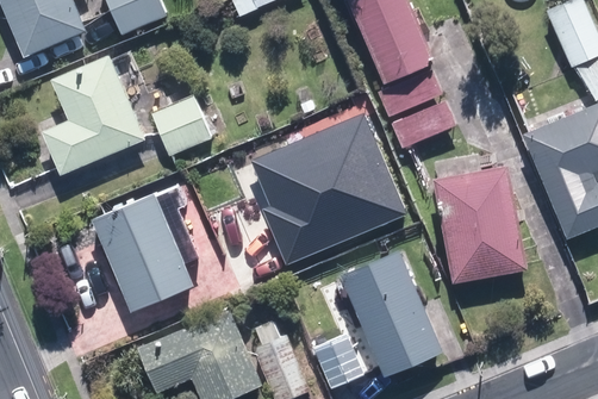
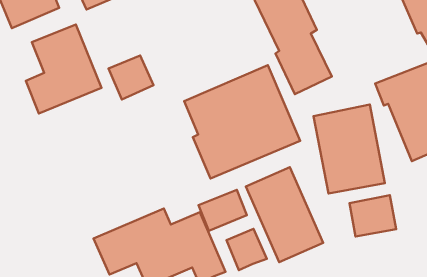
building: [91,185,199,313] -> none
building: none -> [198,190,247,231]
building: none -> [350,195,396,237]

